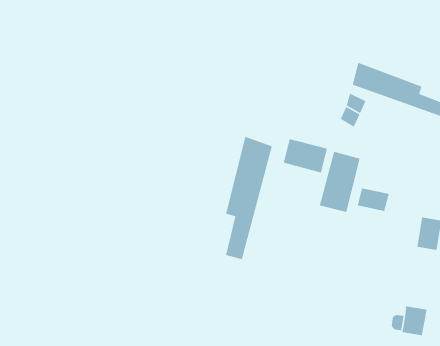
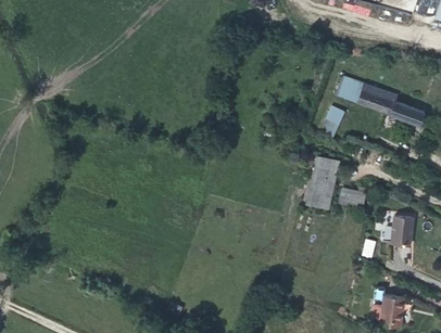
building: [225,136,273,260] -> none
building: [283,138,328,173] -> none

